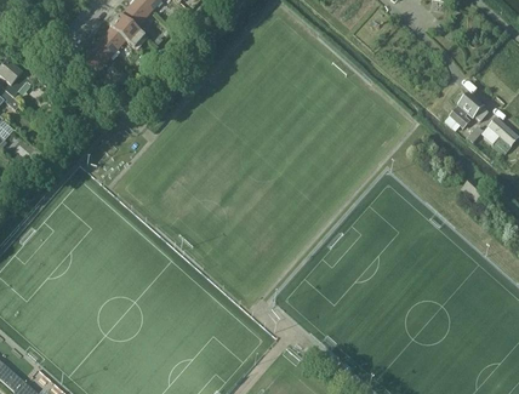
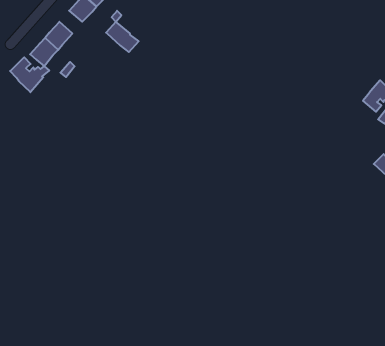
building: [109,12,146,46] -> [106,22,139,52]
building: none -> [10,57,49,92]

